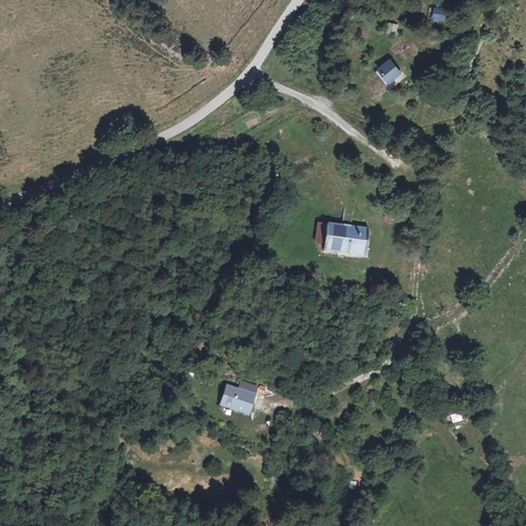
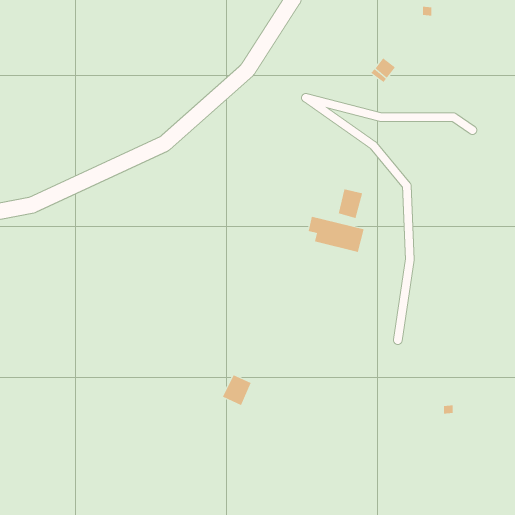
building: none -> [338,188,363,219]

